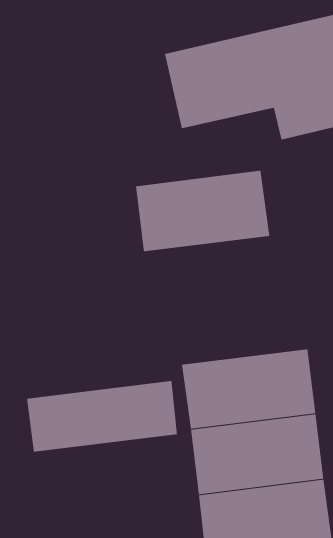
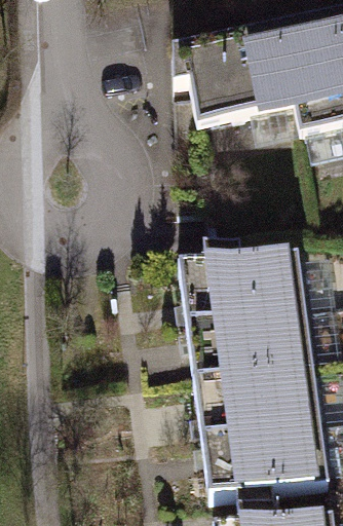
building: [135,170,270,252] -> [183,259,305,333]
building: [27,380,177,453] -> none

